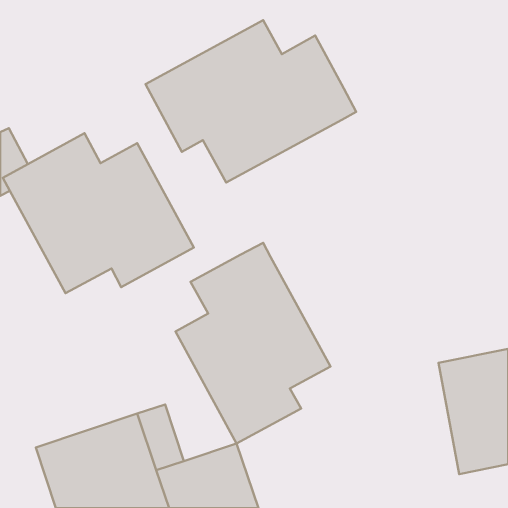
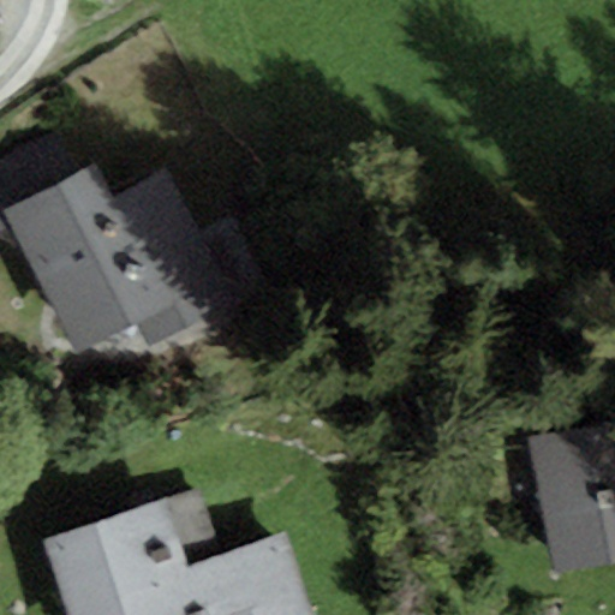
building: [145,20,356,183] -> none
building: [176,243,330,443] -> none

